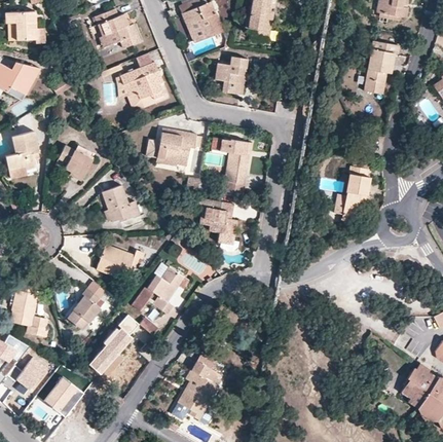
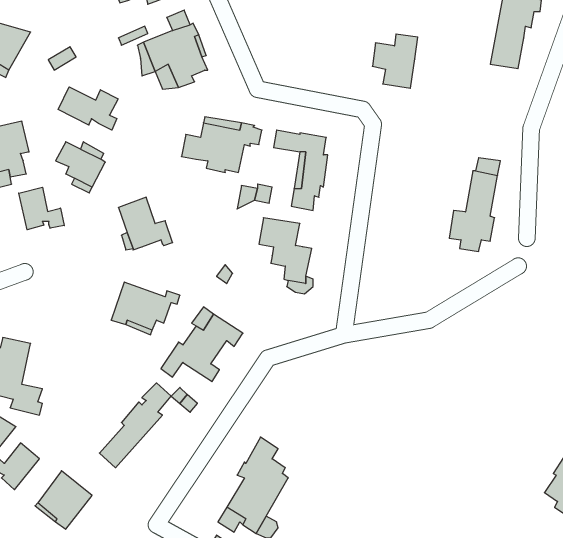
building: [215,57,247,95] -> [372,34,418,88]
building: none -> [58,87,118,130]
building: none -> [19,187,64,230]
building: [67,280,107,330] -> none

